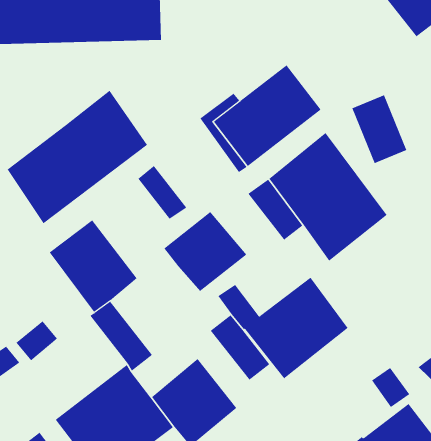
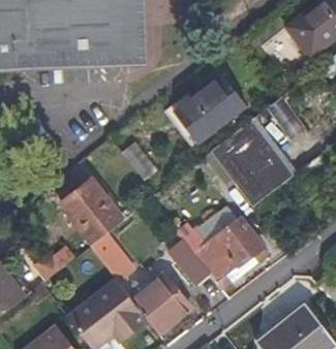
building: [7,90,148,224] -> none
building: [164,211,247,292] -> none

